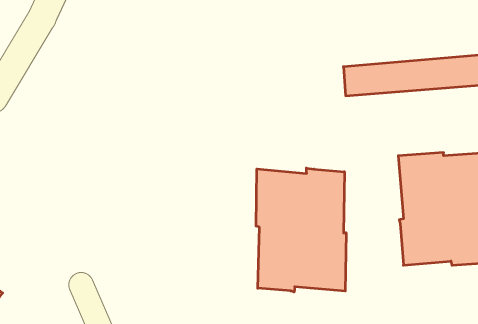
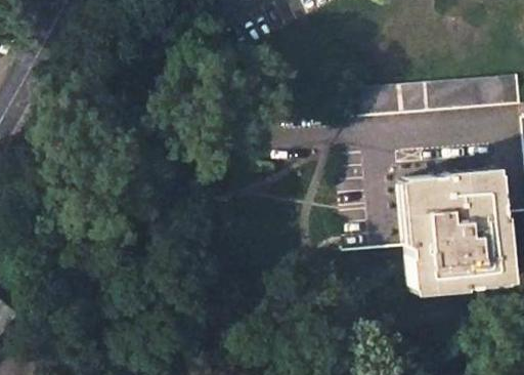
building: [256,168,346,292] -> none

